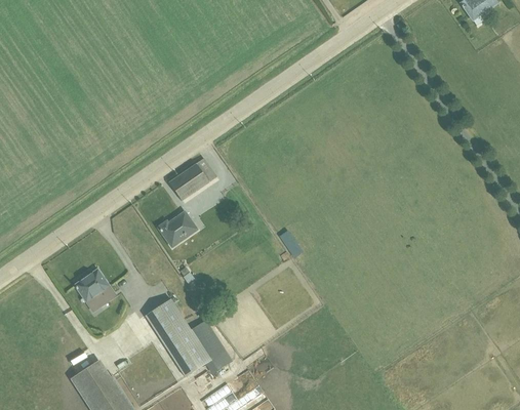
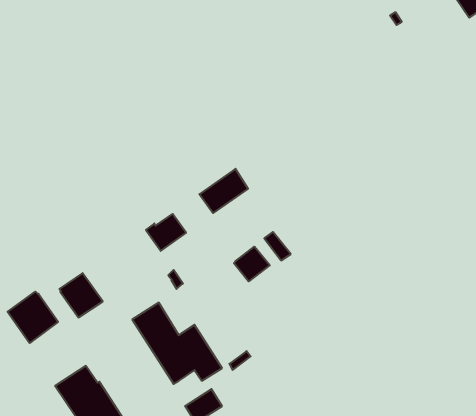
building: [168,157,215,200] -> [199,169,248,213]
building: none -> [234,247,270,281]
building: none -> [8,292,58,343]

